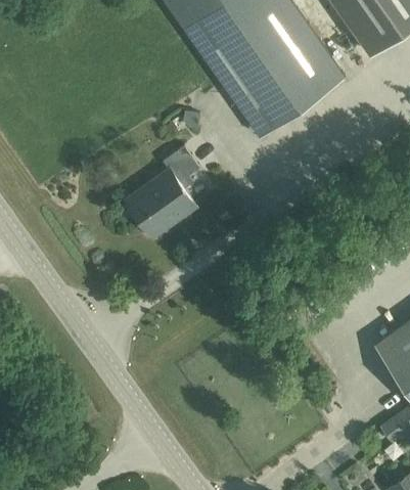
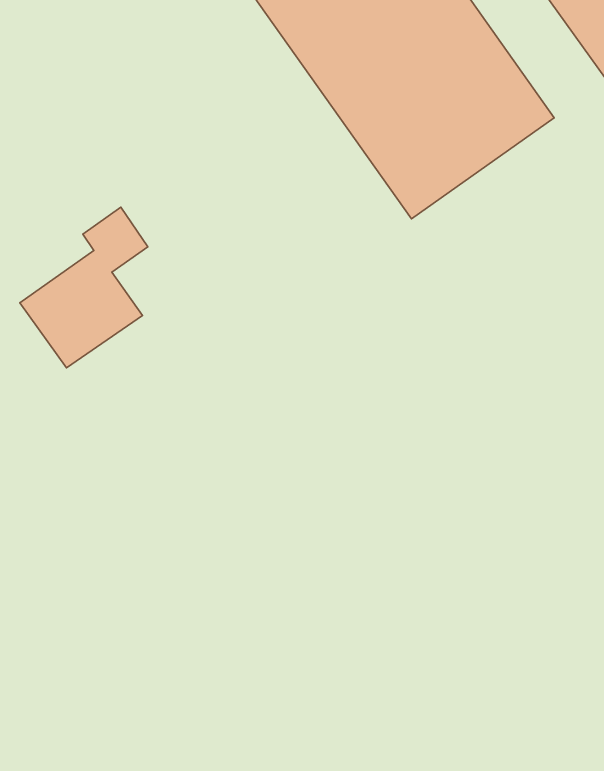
building: [127,146,199,237] -> [20,207,148,368]

